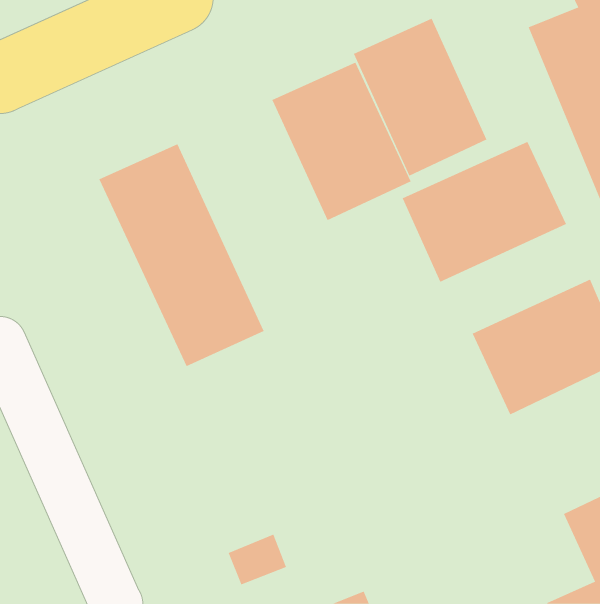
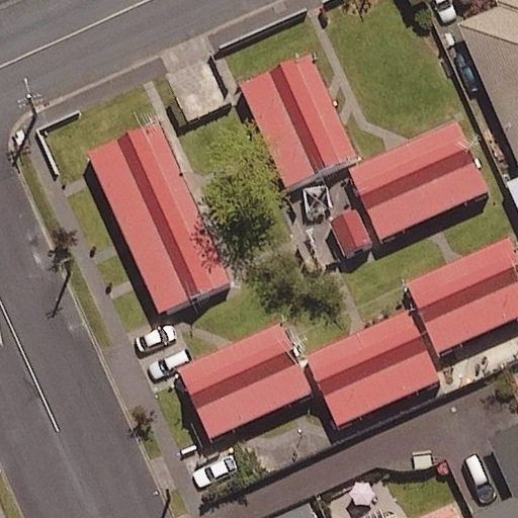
building: [353,18,487,176] -> none
building: none -> [304,309,441,427]
building: none -> [177,322,311,439]

